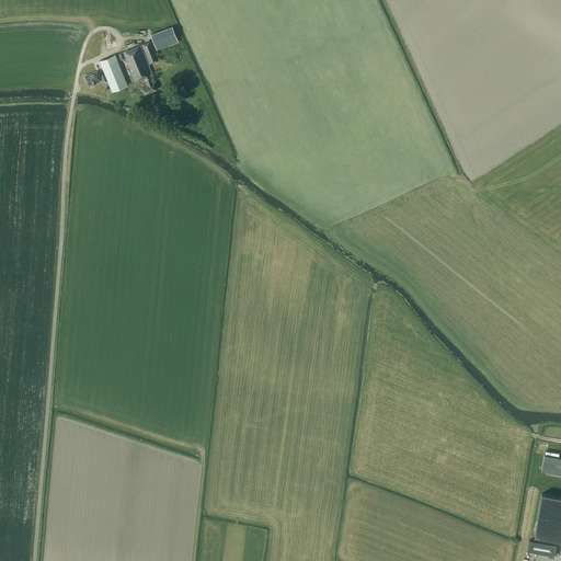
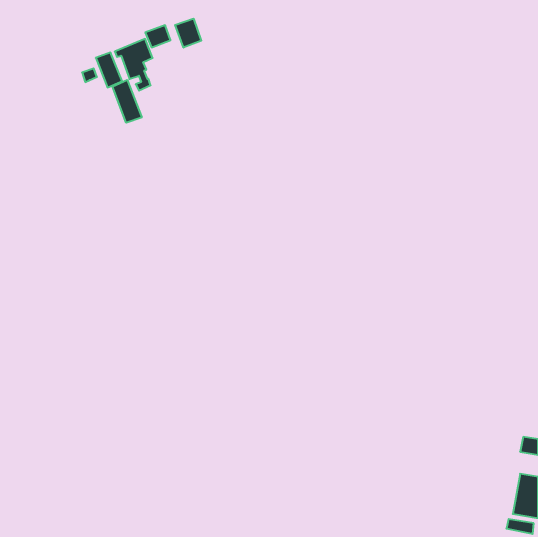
building: none -> [175,19,201,48]
building: none -> [112,80,142,123]

